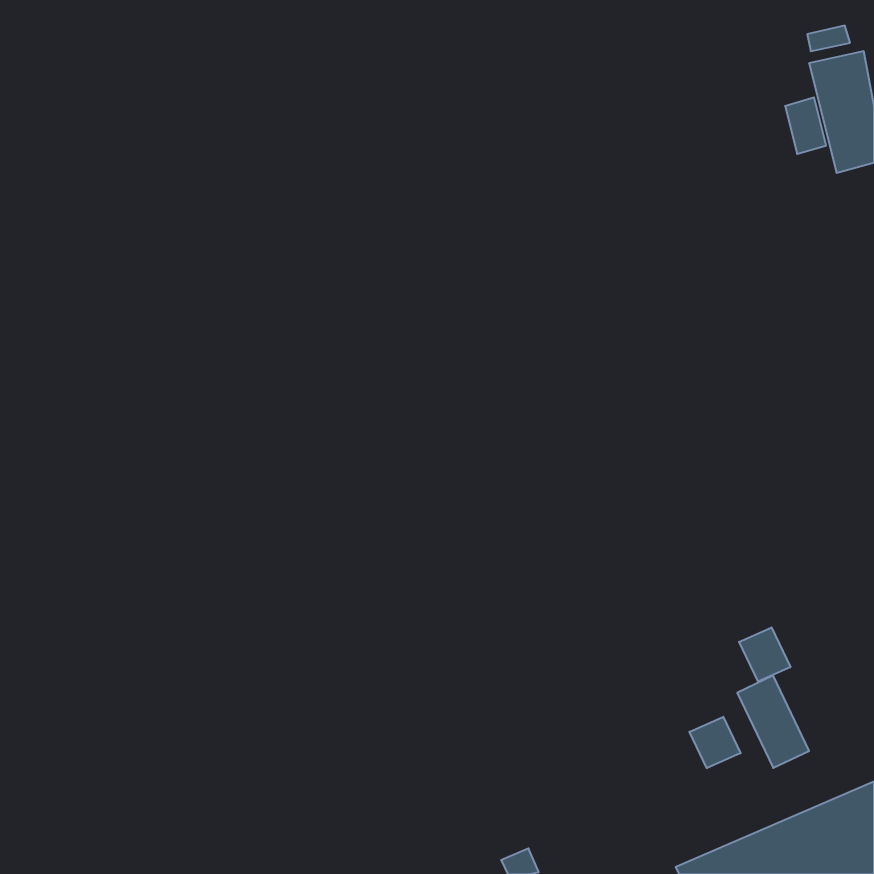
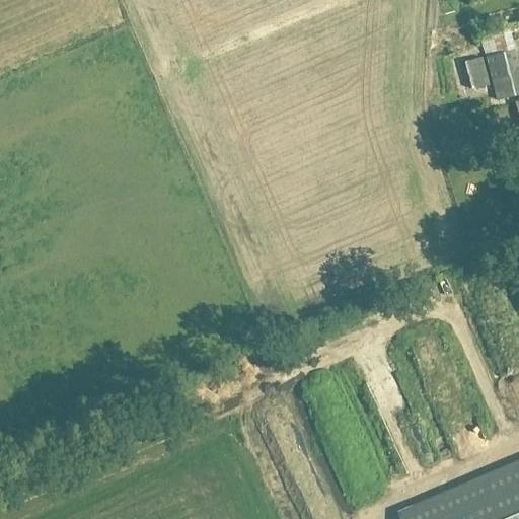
building: [739,627,790,681] -> none
building: [689,717,741,768] -> none

